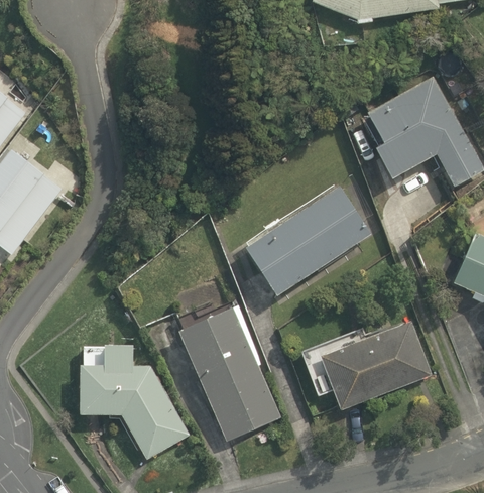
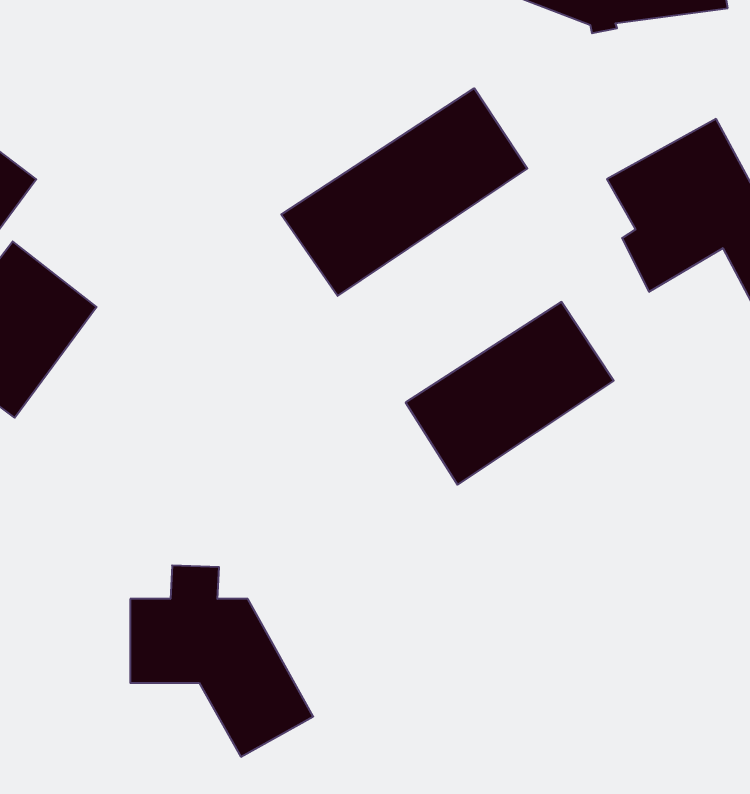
building: none -> [281,88,527,296]
building: [178,304,281,441] -> none
building: [321,319,432,408] -> none

